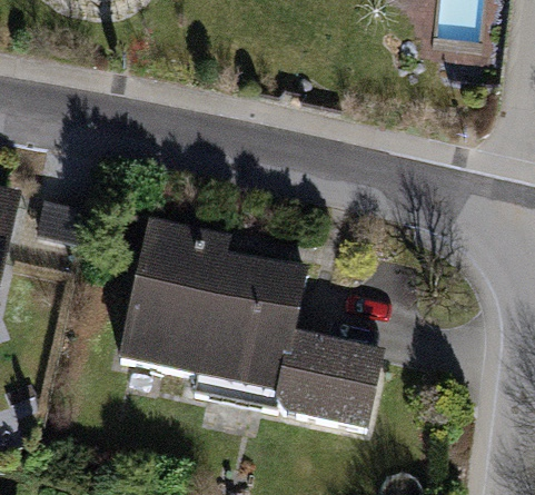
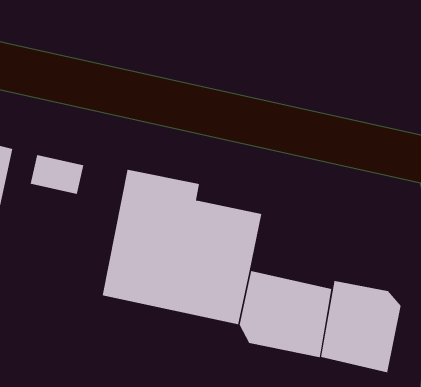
building: none -> [320,280,401,373]

